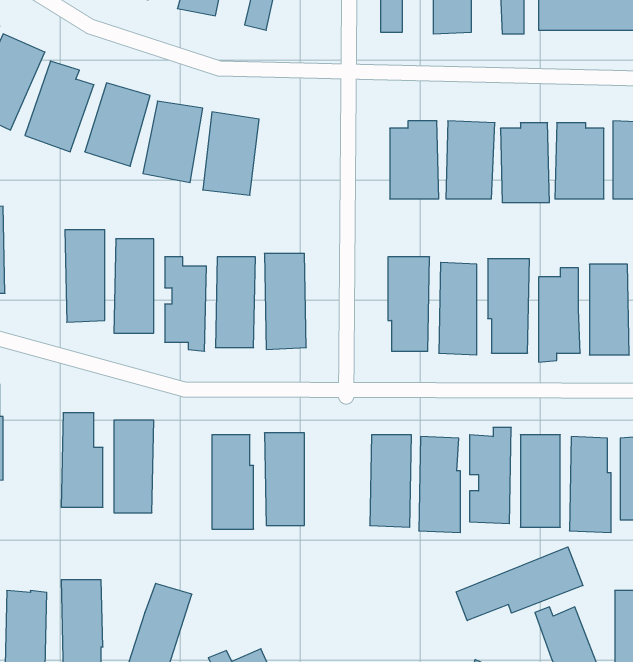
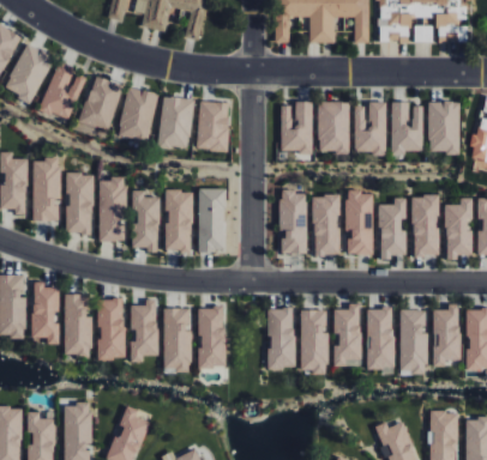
building: none -> [197,101,229,151]
building: none -> [32,158,59,220]
building: none -> [31,282,59,344]
building: none -> [130,299,157,362]
building: [456,547,583,621] -> none

